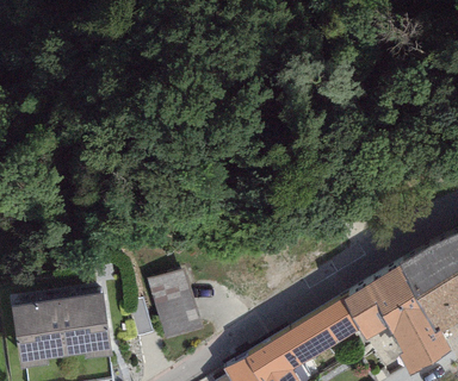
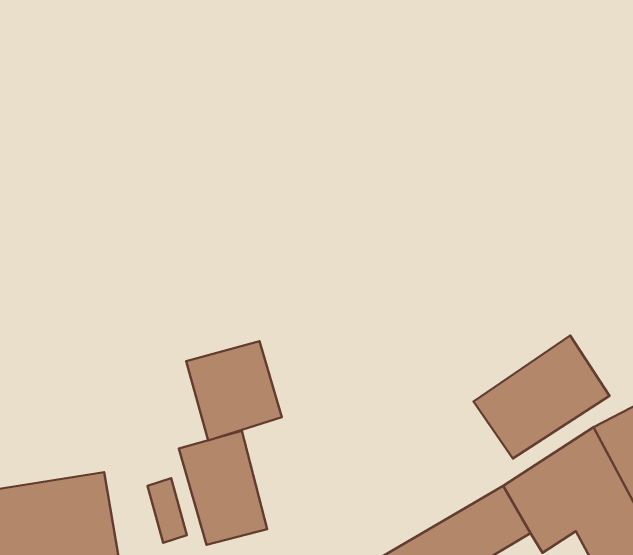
building: none -> [474,336,610,459]
building: none -> [186,341,282,440]

